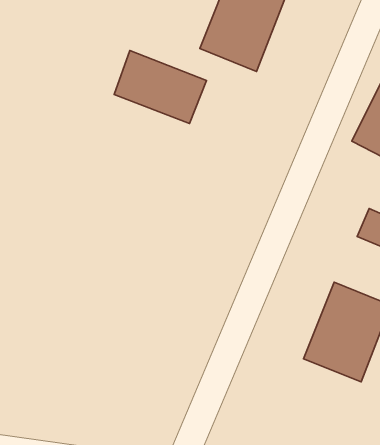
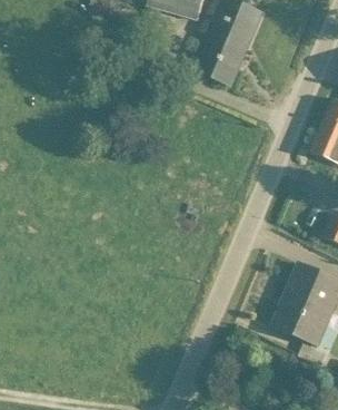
building: [114,50,207,124] -> none

